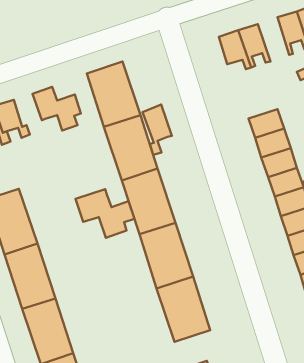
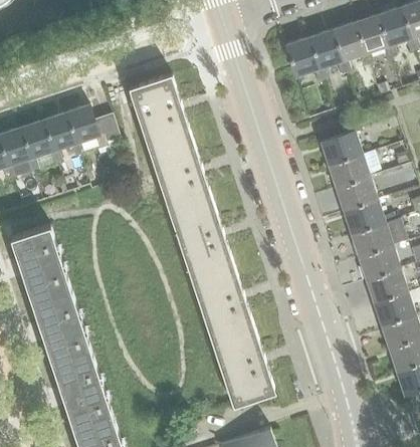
building: none -> [331,22,368,74]
building: none -> [42,113,84,157]
building: [143,105,172,155] -> none
building: [76,189,135,238] -> none

